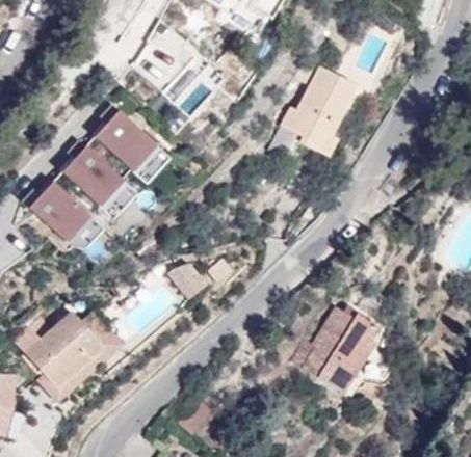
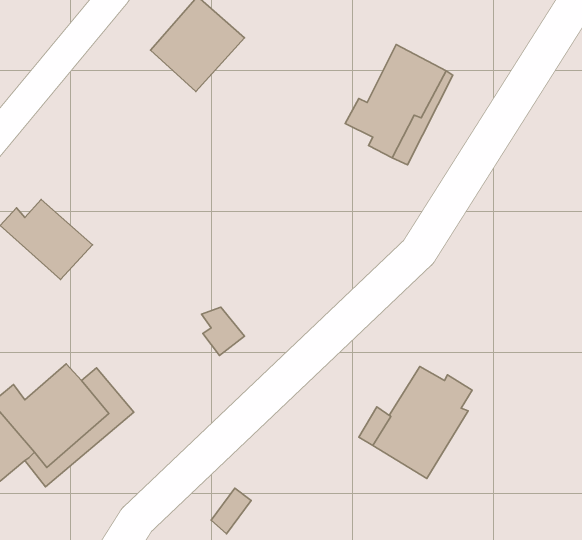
building: [95,104,156,171] -> none
building: [62,139,124,207] -> none

